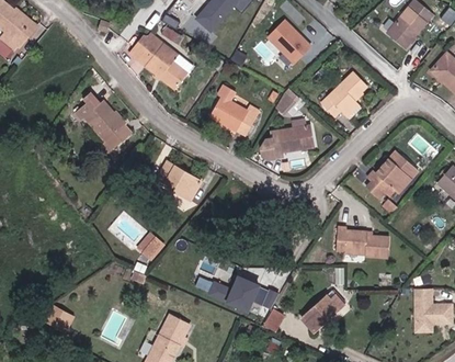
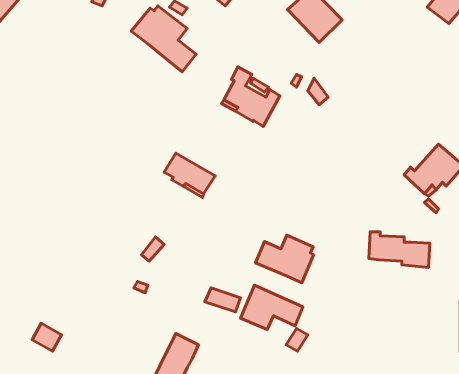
building: [320,71,366,121] -> none
building: [78,91,134,154] -> none
building: [270,125,314,158] -> none
building: none -> [255,235,314,283]
building: [300,292,342,331] -> none

